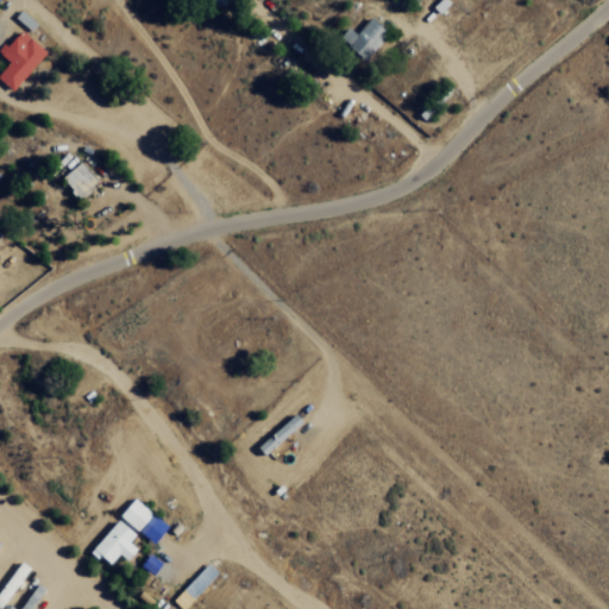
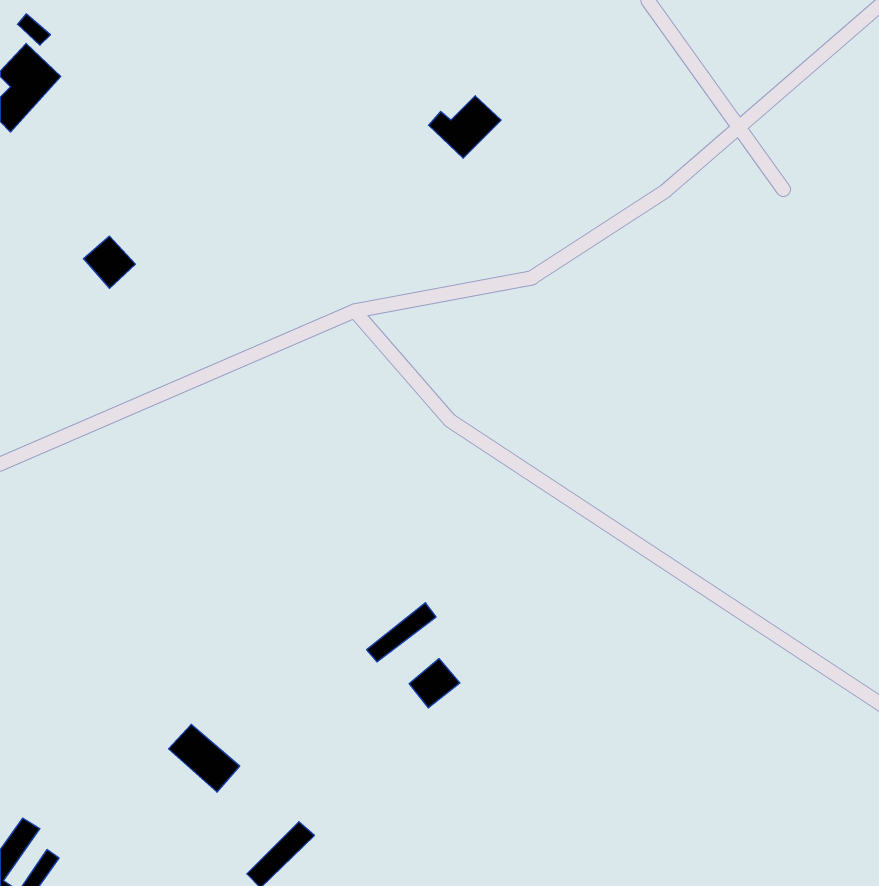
building: [341,18,391,61] -> [428,96,501,158]
building: none -> [409,659,460,708]
building: [94,519,139,566] -> none

